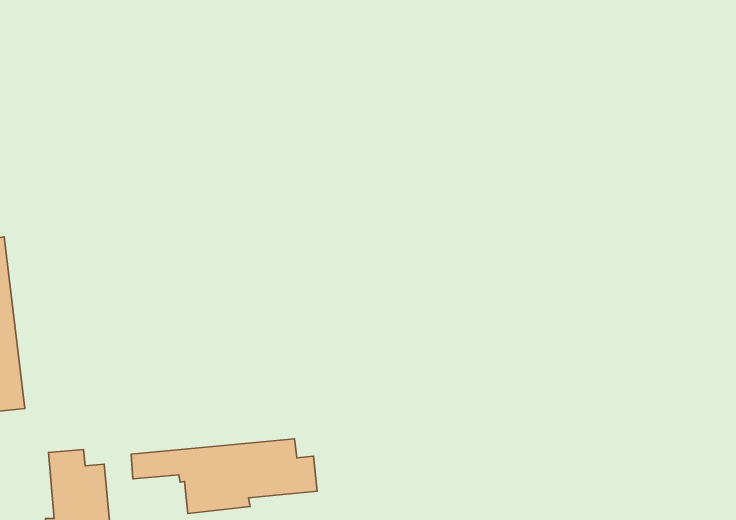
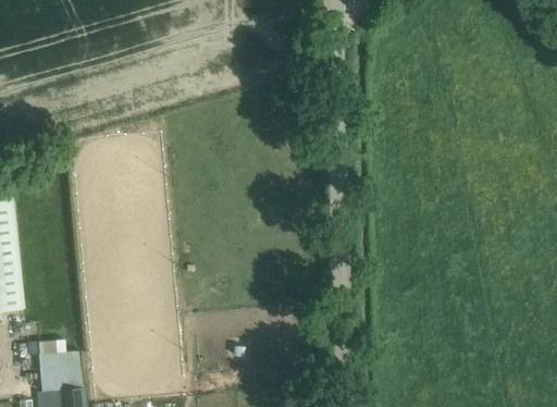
building: [131,439,317,513] -> none

